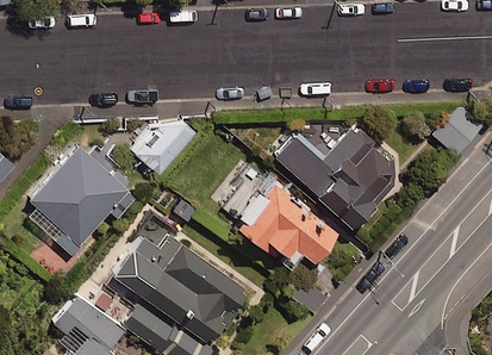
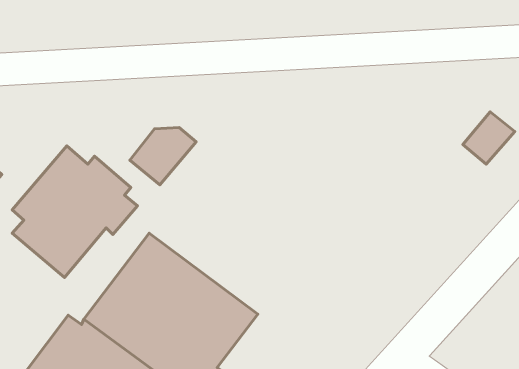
building: [275,127,396,225] -> none
building: [229,175,332,261] -> none

